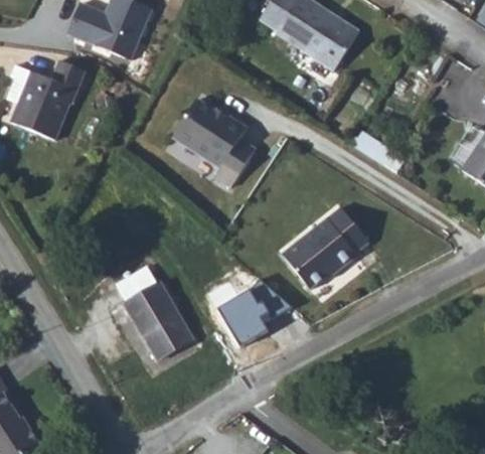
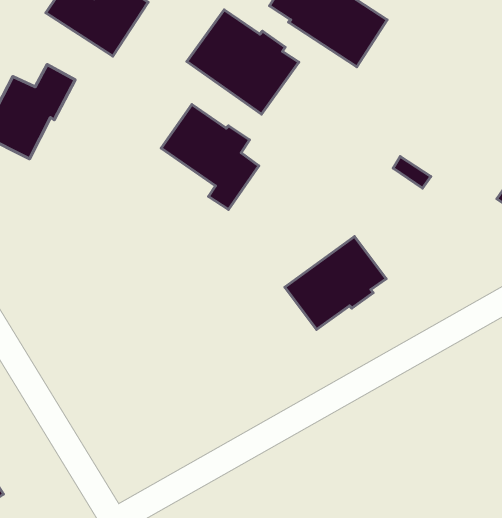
building: none -> [187,10,299,114]
building: [112,271,192,363] -> none
building: [214,278,291,352] -> none

